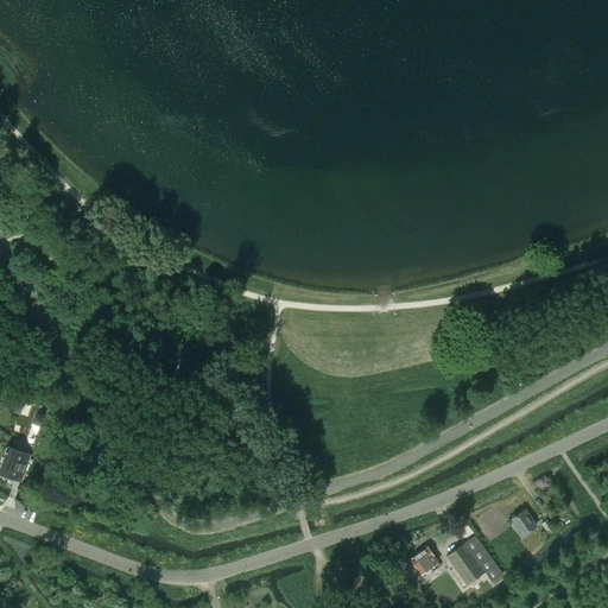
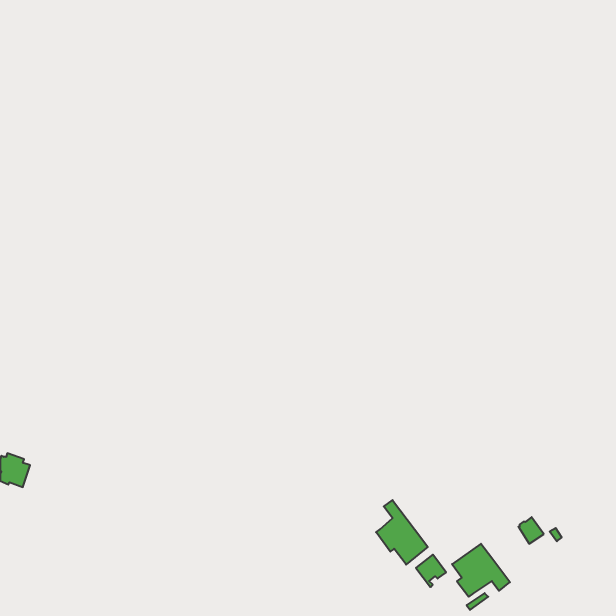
building: none -> [376,500,428,565]

